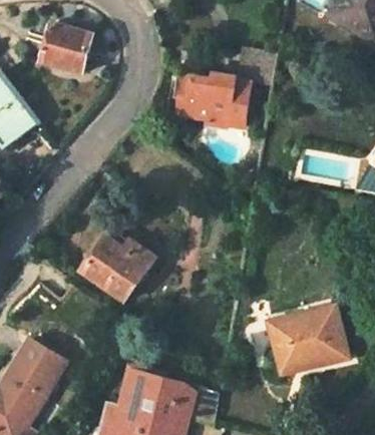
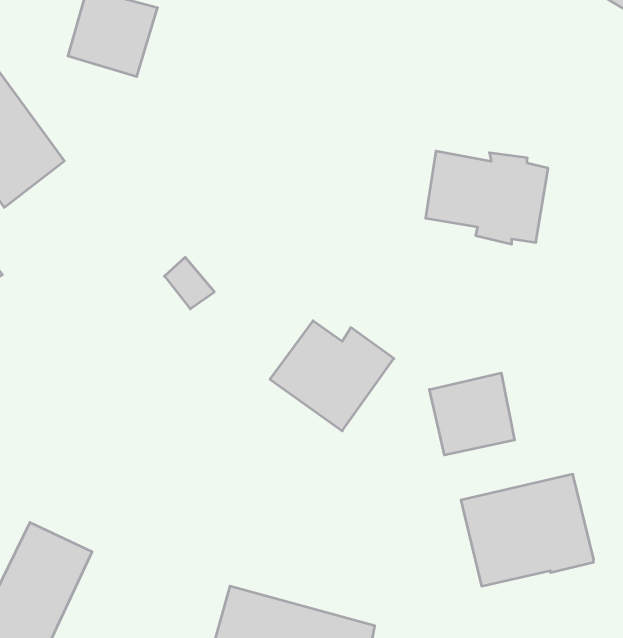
building: [176,74,248,128] -> [426,151,548,244]
building: [80,236,152,300] -> [270,321,394,431]
building: none -> [429,373,515,455]

